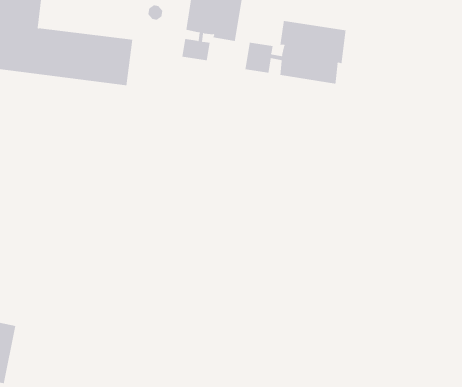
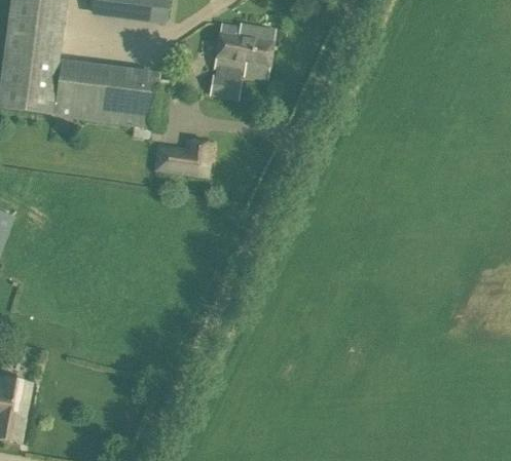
building: [245,20,346,84] -> none
building: none -> [154,139,209,175]

